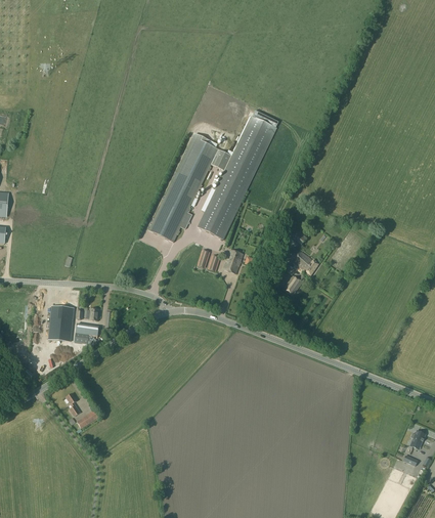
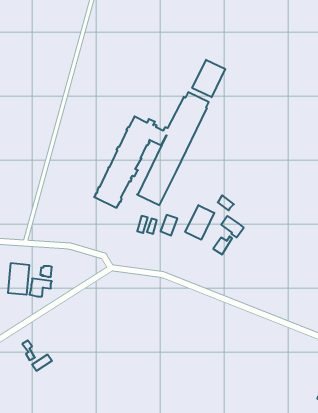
building: none -> [192,60,225,97]
building: none -> [185,205,214,240]

